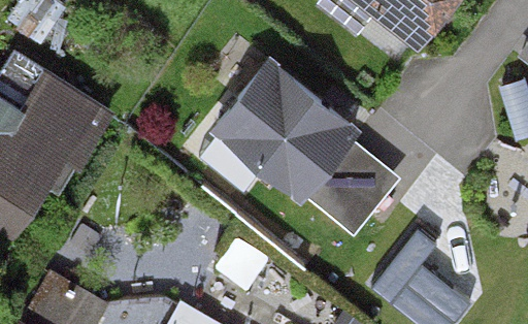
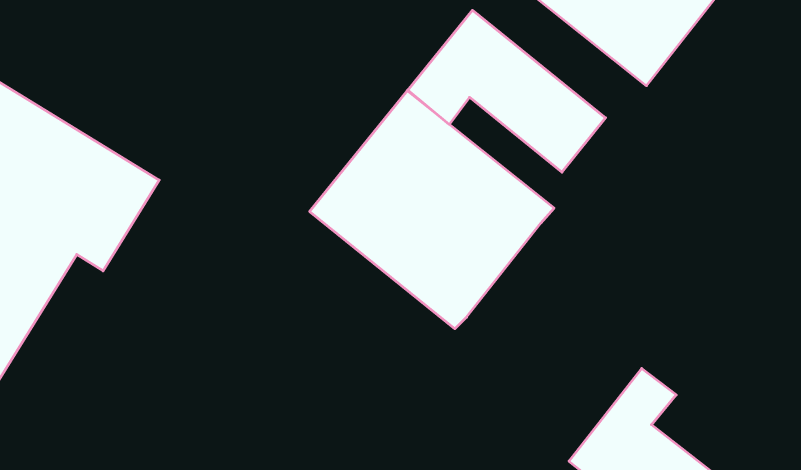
building: none -> [408,10,606,172]
building: [307,140,401,236] -> none

